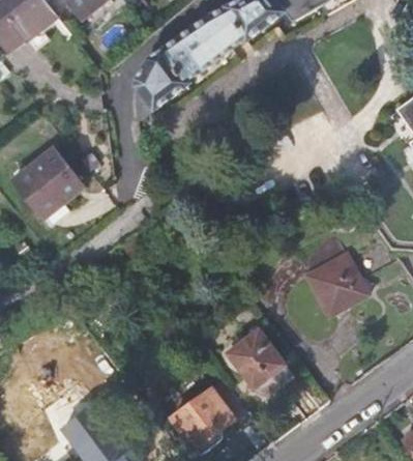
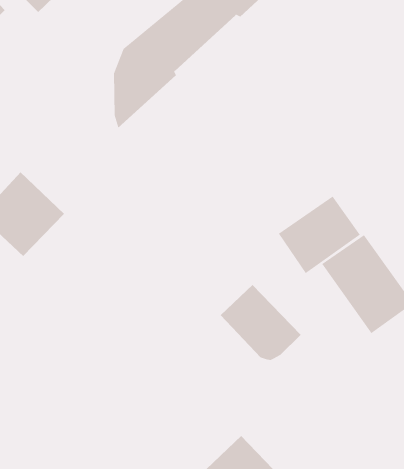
building: none -> [278,196,361,274]
building: [229,329,295,395] -> [220,284,302,361]

